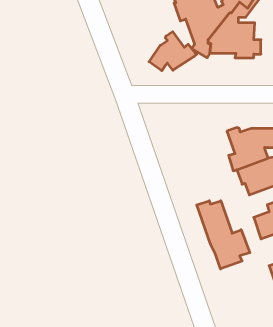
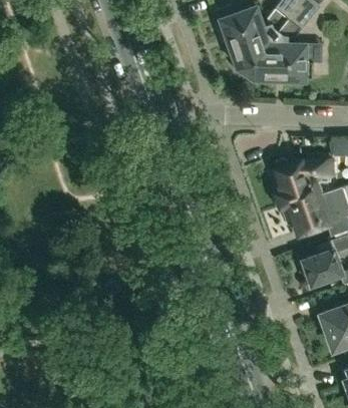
building: [149,32,197,71] -> none
building: [197,201,250,269] -> none

